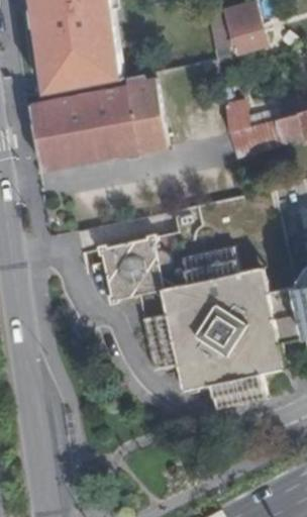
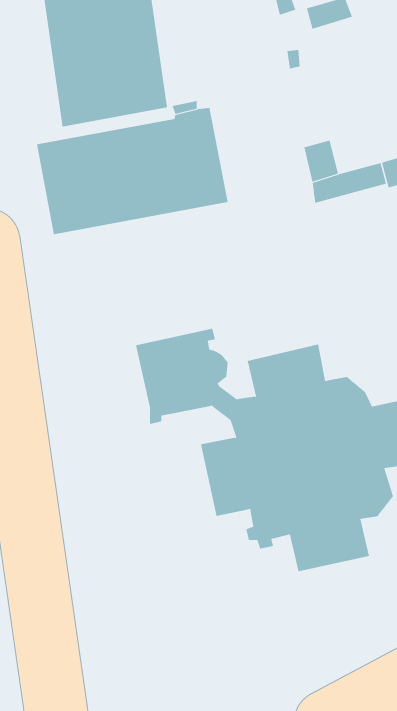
building: [227,14,266,54] -> none

